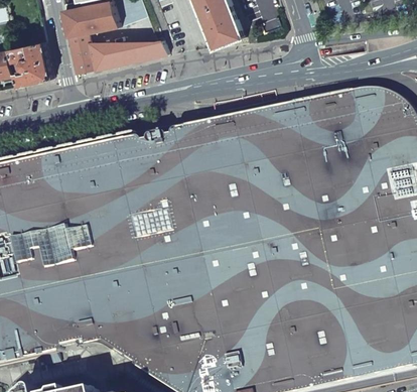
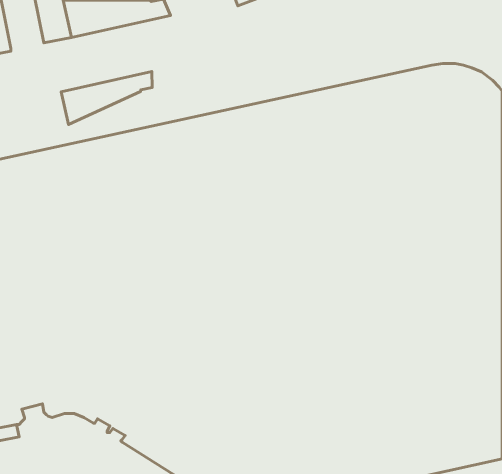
building: none -> [61,72,152,125]

